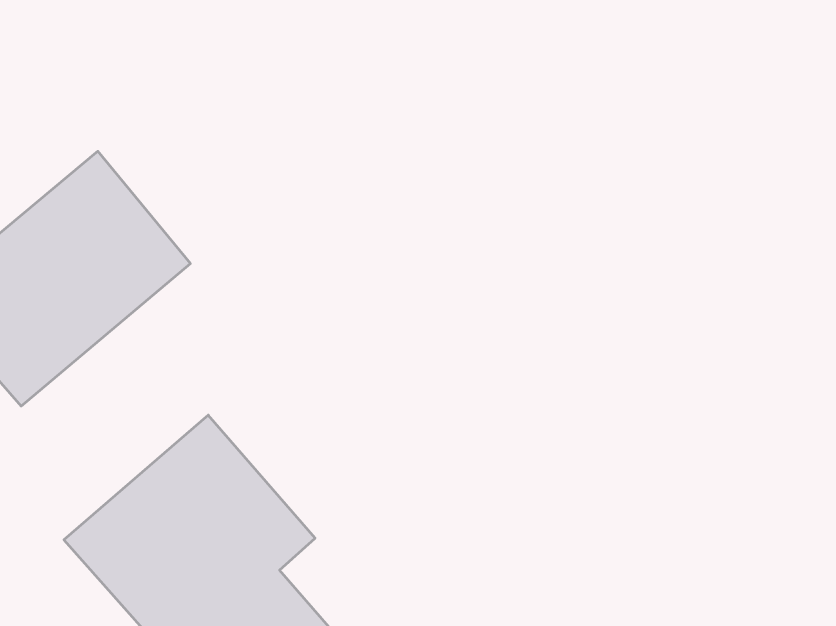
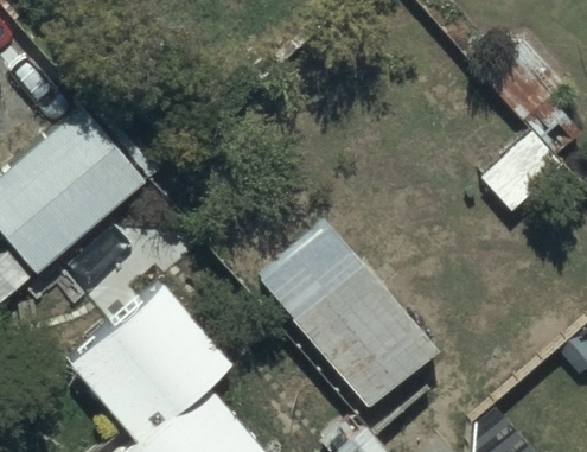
building: none -> [255,216,439,410]

